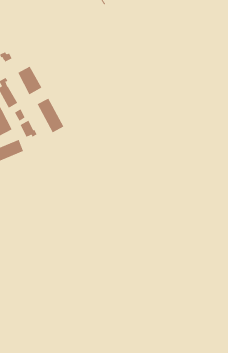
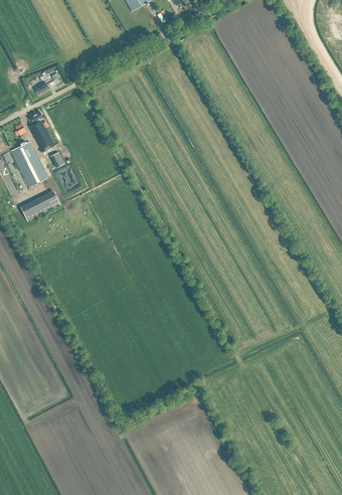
building: [17,66,42,95] -> none
building: [37,98,64,133] -> none

